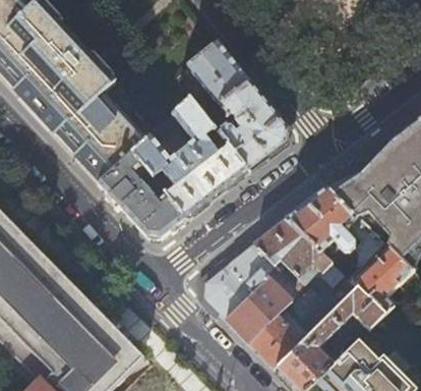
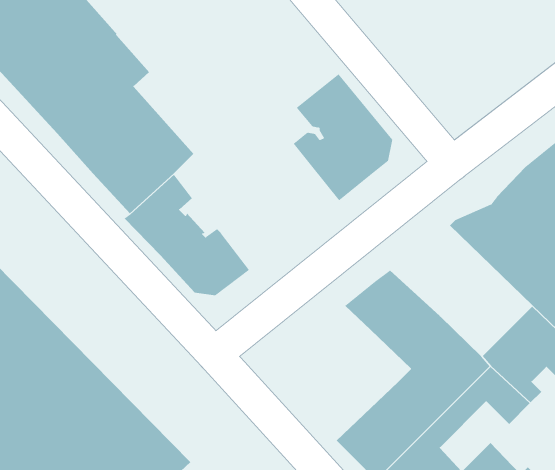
building: [182,42,248,105] -> none
building: [131,98,248,220] -> none
building: [285,188,385,268] -> none
building: [203,245,290,341] -> none

